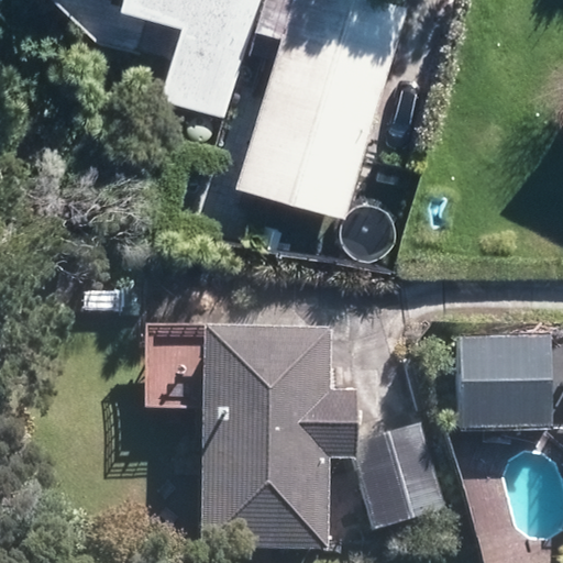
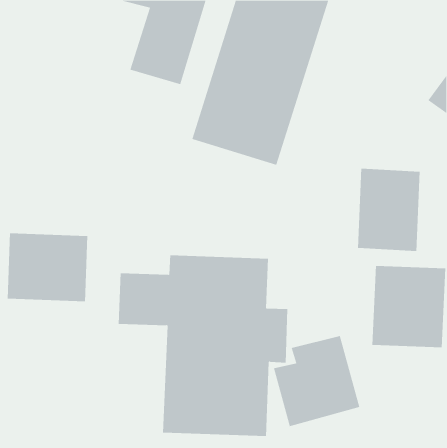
building: none -> [357,168,420,252]
building: none -> [7,233,88,302]

